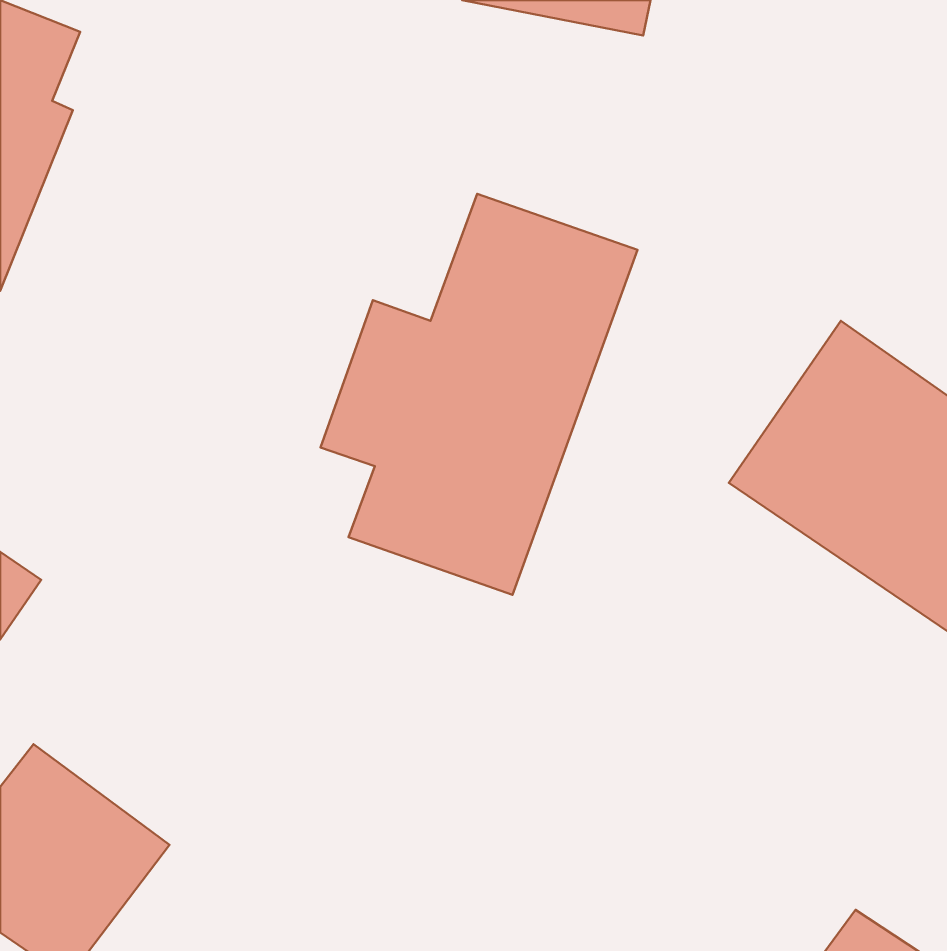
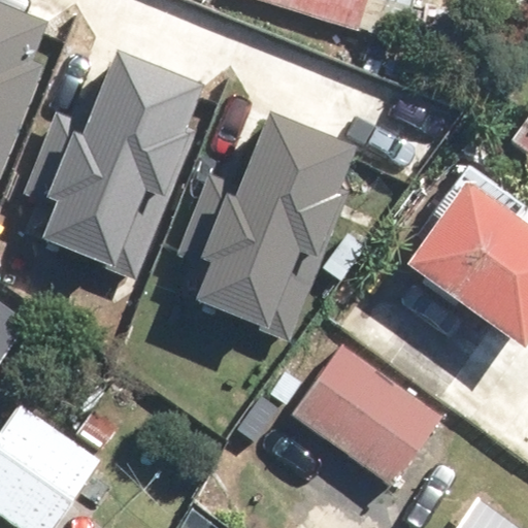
building: none -> [43,51,200,272]
building: none -> [298,360,441,491]

